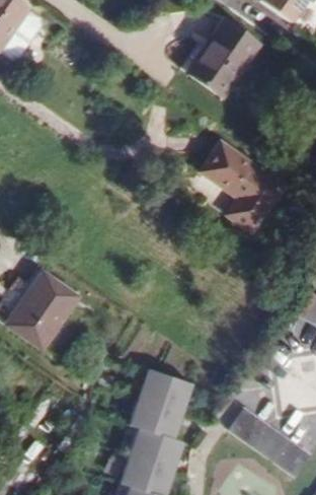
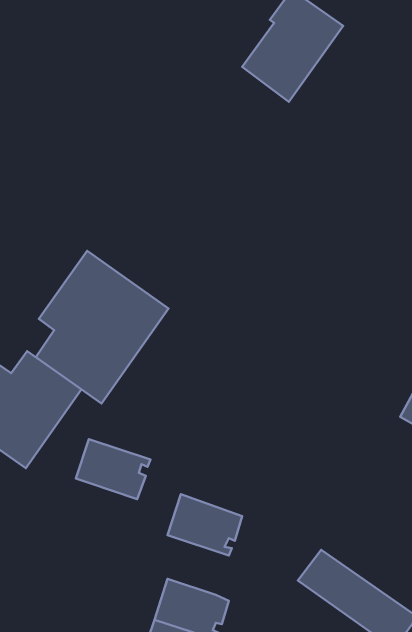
building: [199,141,286,234] -> none
building: none -> [36,251,168,403]
building: [130,398,181,439] -> [76,439,150,499]

